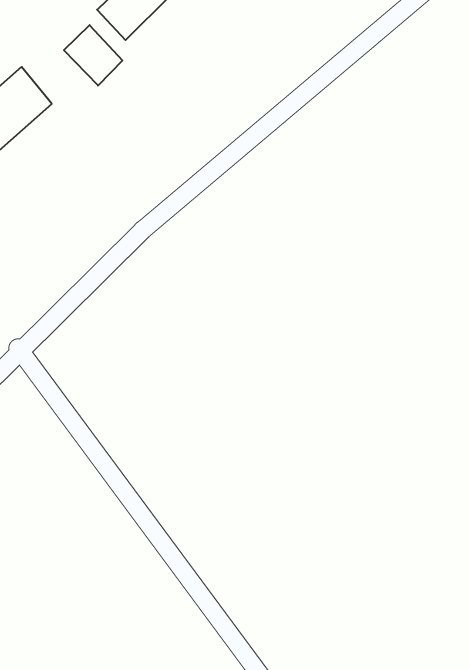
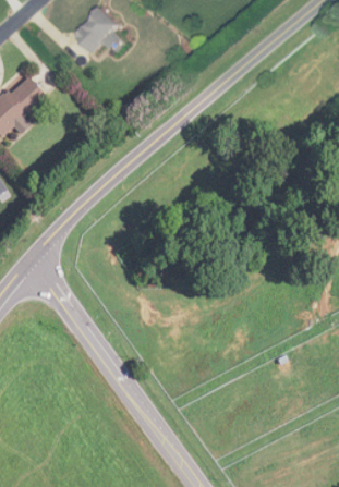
building: [64,25,122,86] -> none

